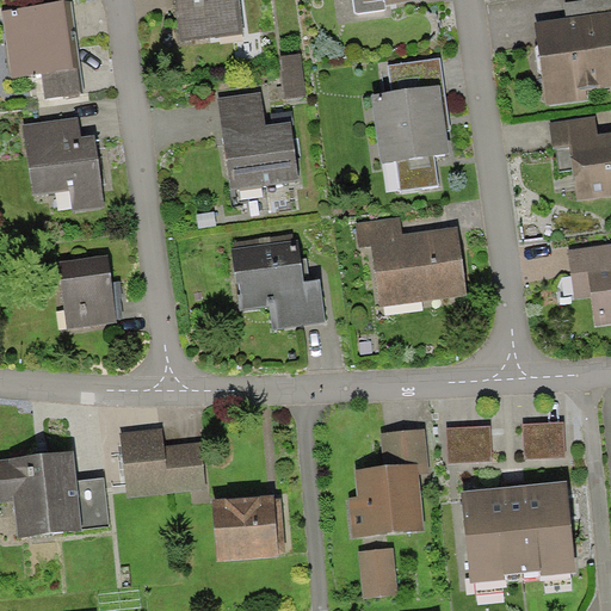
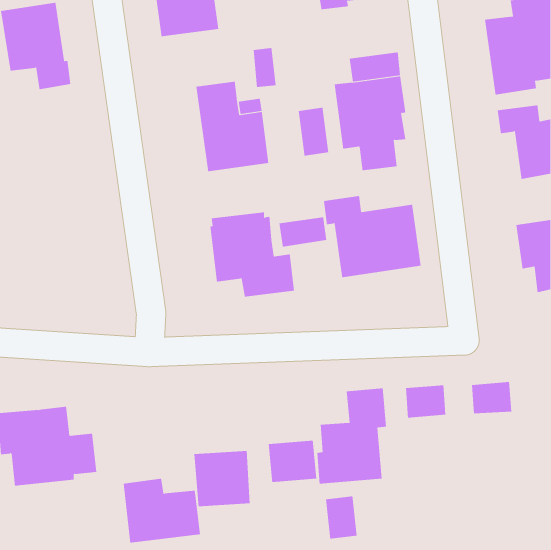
building: [24,117,100,206] -> none
building: none -> [298,107,329,157]
building: none -> [279,217,327,248]
building: [61,254,117,328] -> none
building: [119,426,205,498] -> [123,478,201,543]
building: [463,480,575,580] -> none
building: none -> [268,440,317,483]

